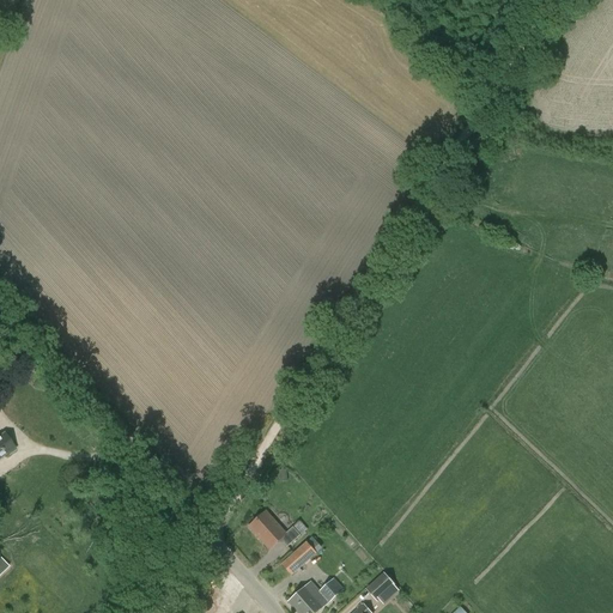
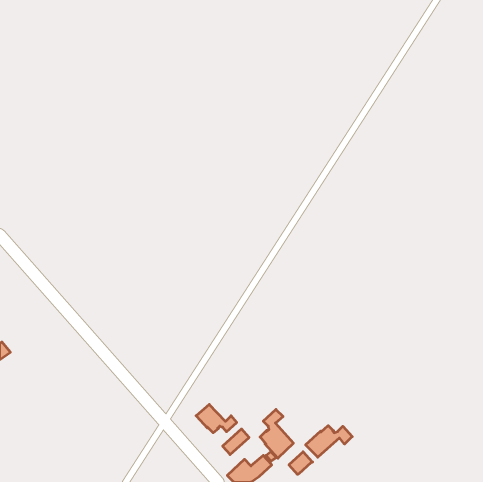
building: none -> [260,409,293,458]
building: none -> [306,426,352,457]

